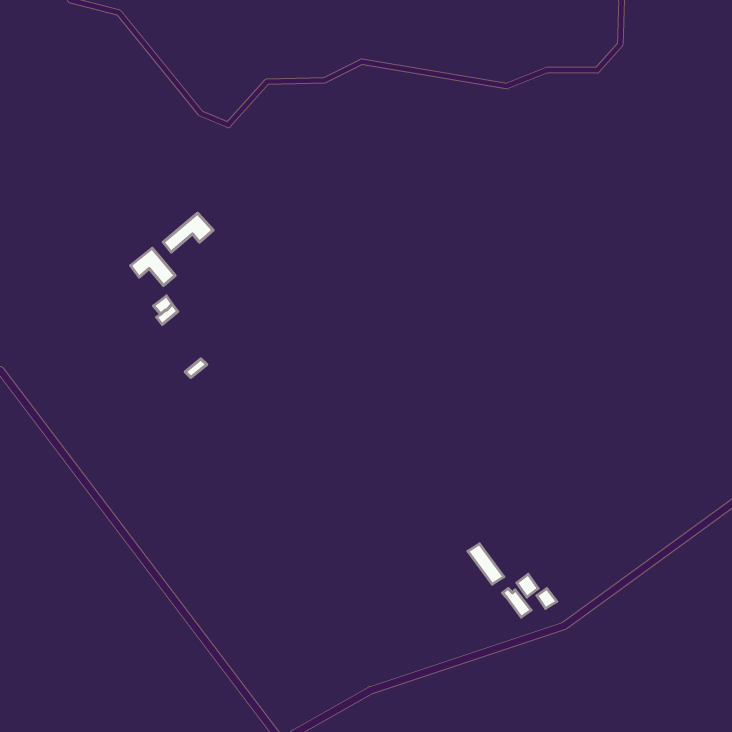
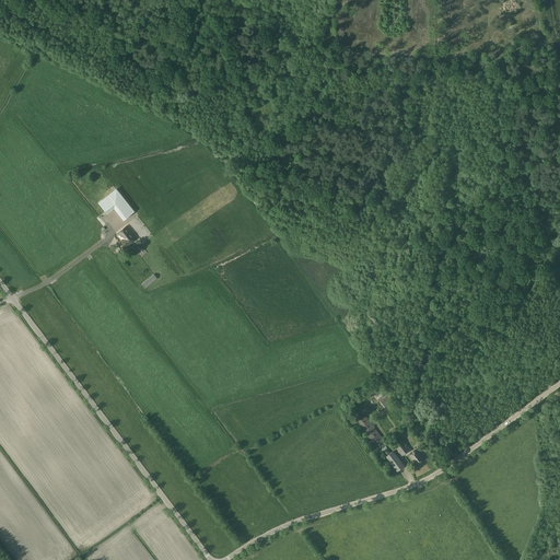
building: [163,213,213,252] -> none

